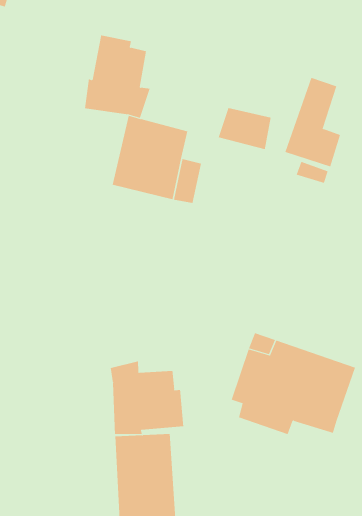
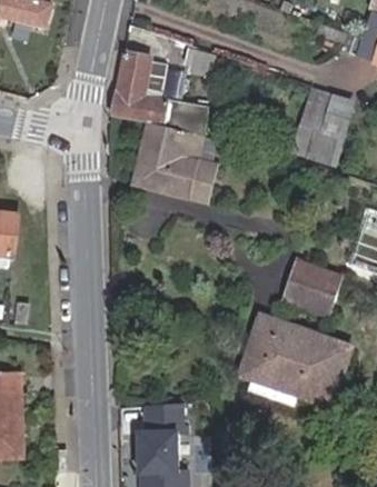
building: [218,107,272,150] -> [162,98,210,136]
building: none -> [282,259,345,316]
building: [110,360,184,435] -> none

